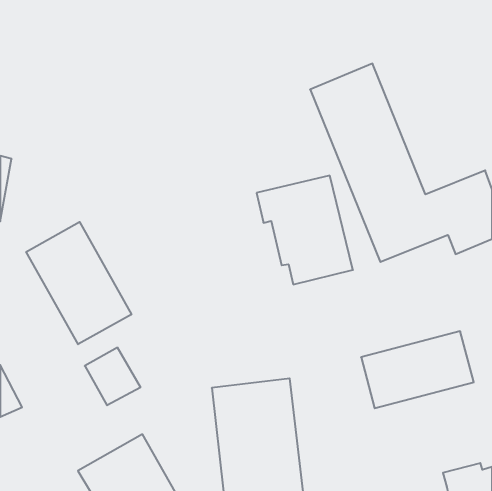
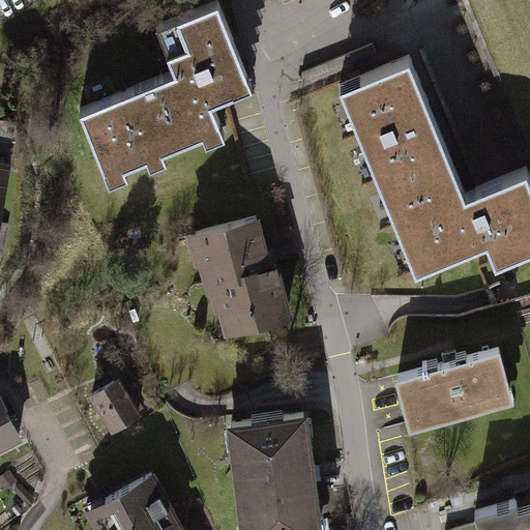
building: none -> [81,10,254,182]
building: [257,176,353,284] -> [186,213,290,330]
building: [26,222,131,344] -> none

